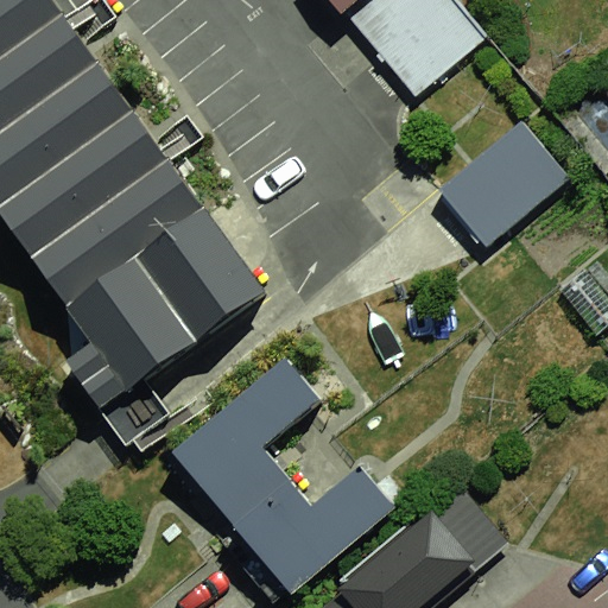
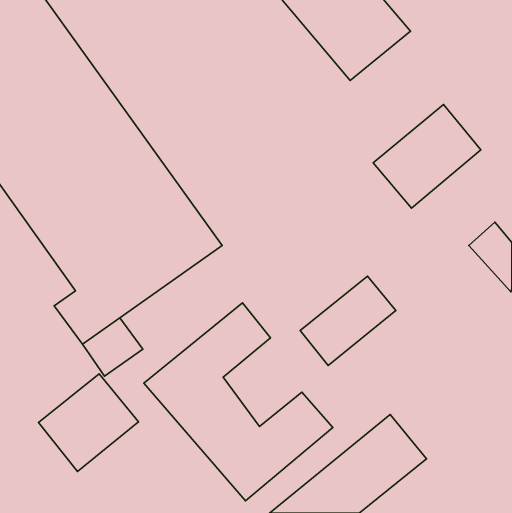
building: none -> [300,276,396,366]
building: none -> [38,374,138,471]

